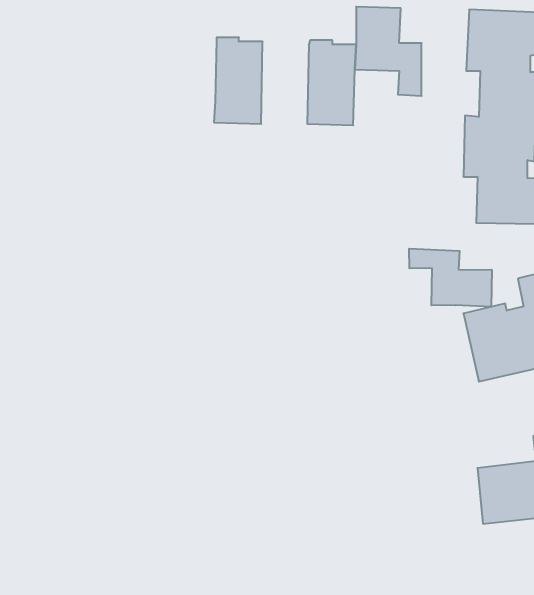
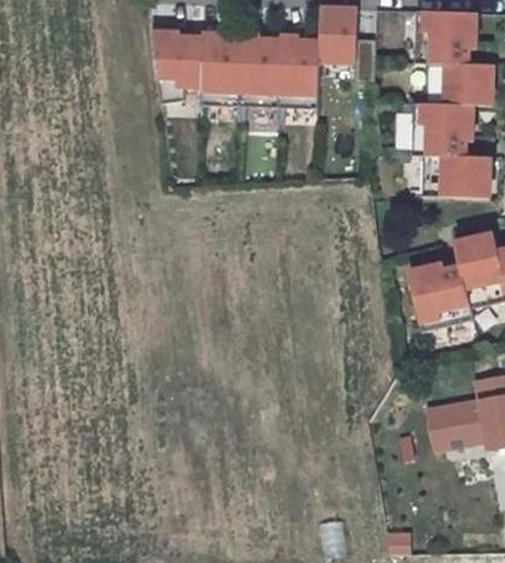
building: none -> [148,30,200,104]
building: none -> [238,34,279,107]
building: [409,249,492,307] -> none

